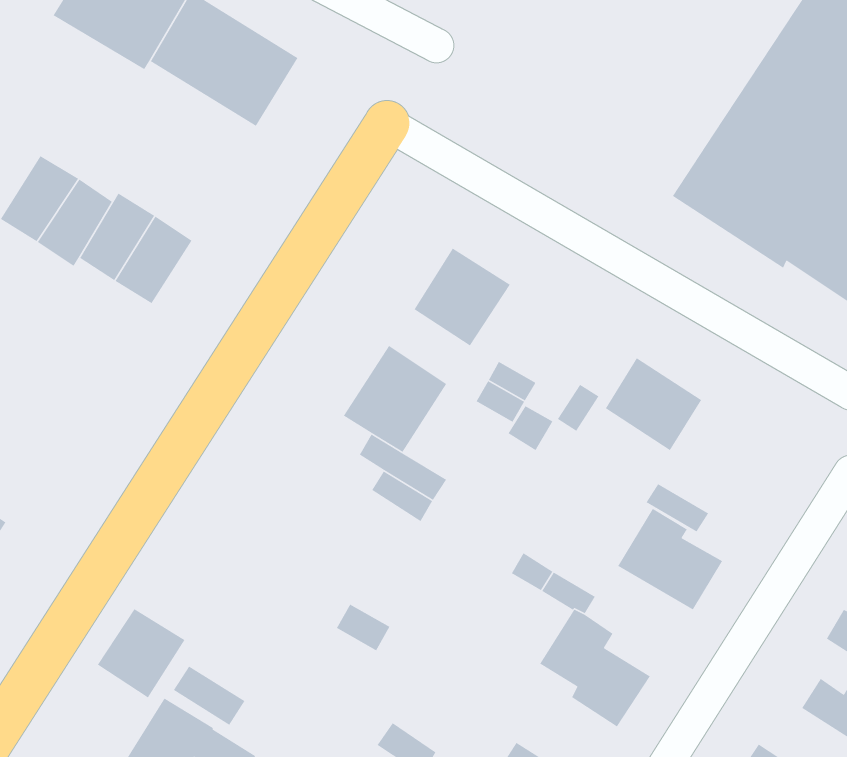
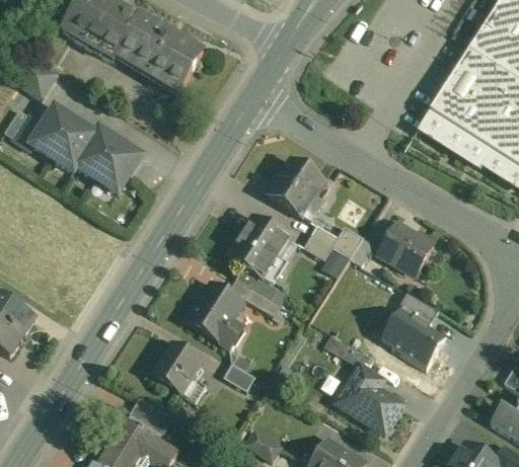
building: none -> [332,225,364,256]
building: none -> [187,281,243,347]
building: [97,608,185,698] -> [152,340,203,392]

